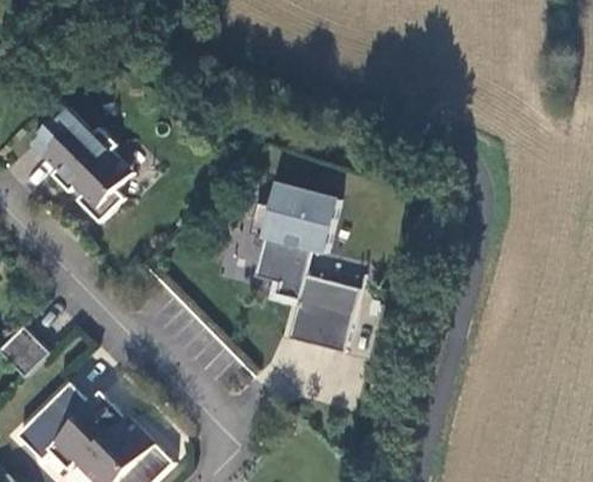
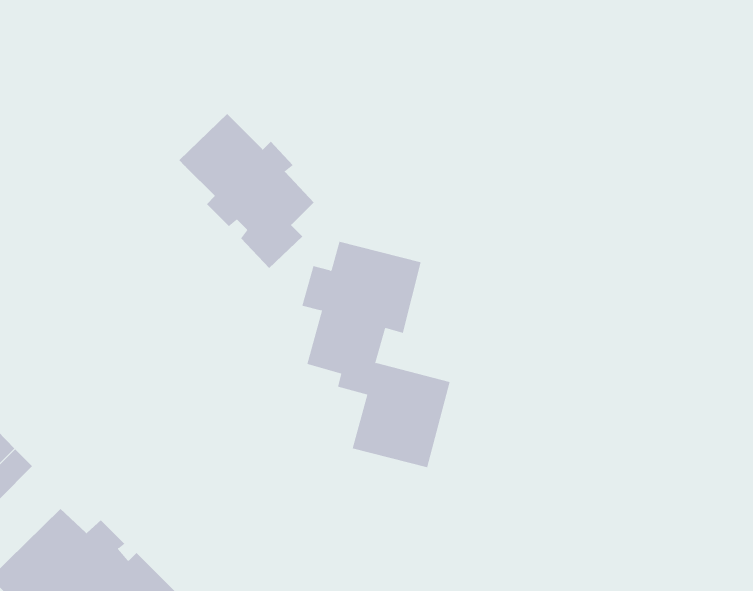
building: [31,107,133,223] -> [179,113,314,269]

